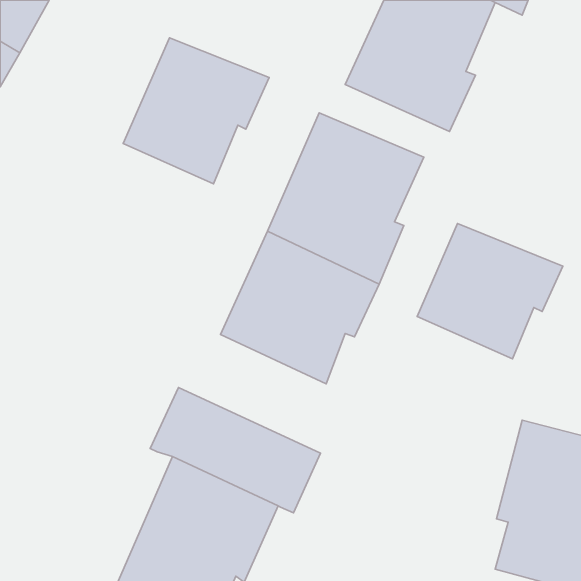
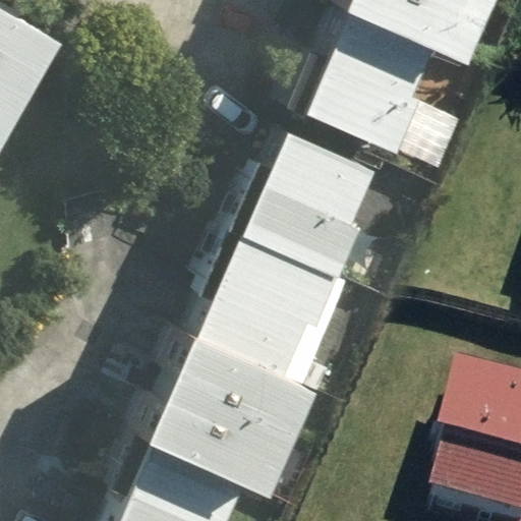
building: [123,38,269,184] -> none
building: [417,224,563,359] -> none
building: none -> [171,300,319,409]

